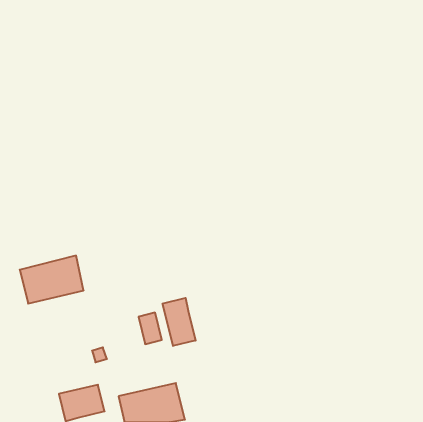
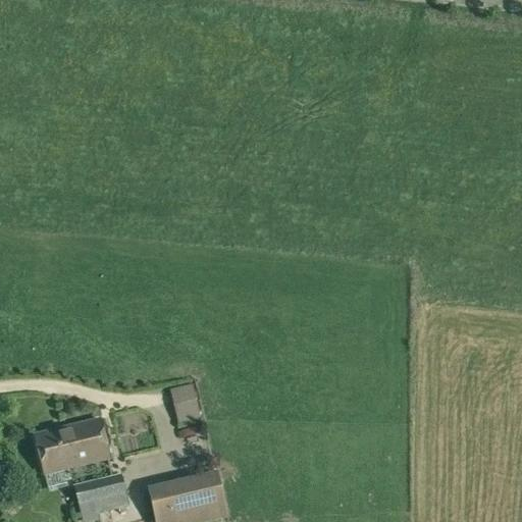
building: [20,256,84,304] -> [33,416,111,475]
building: [163,298,196,346] -> none

